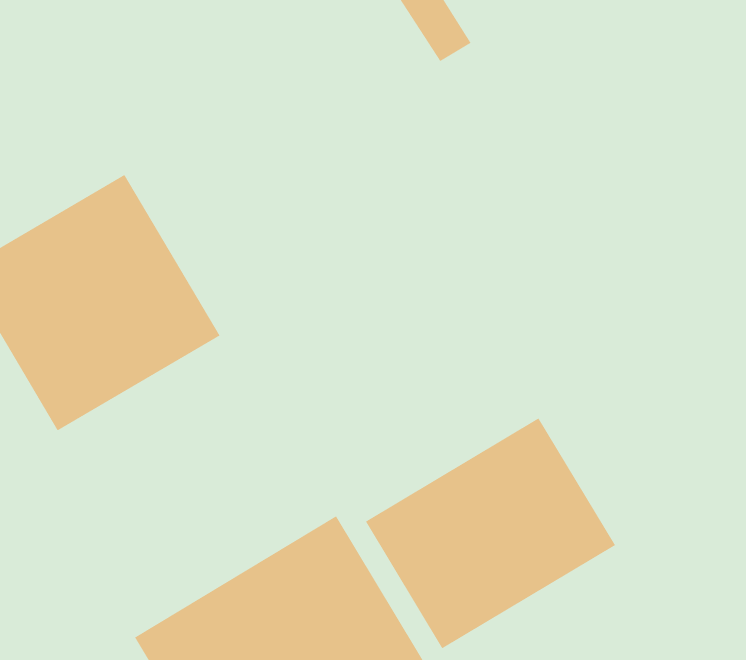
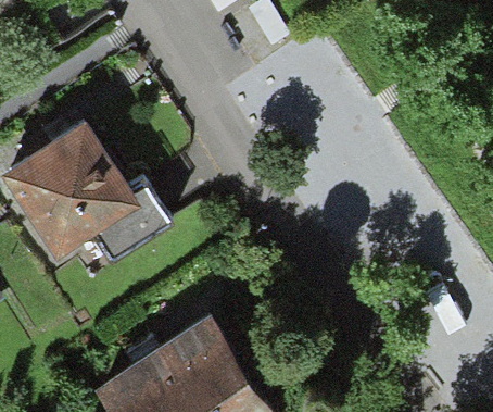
building: [365,417,616,649] -> none

